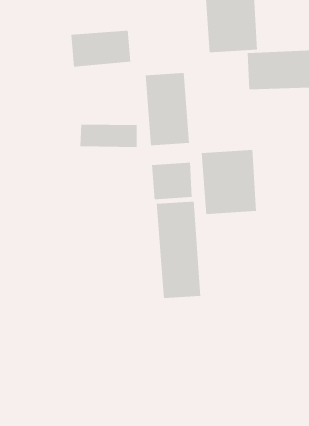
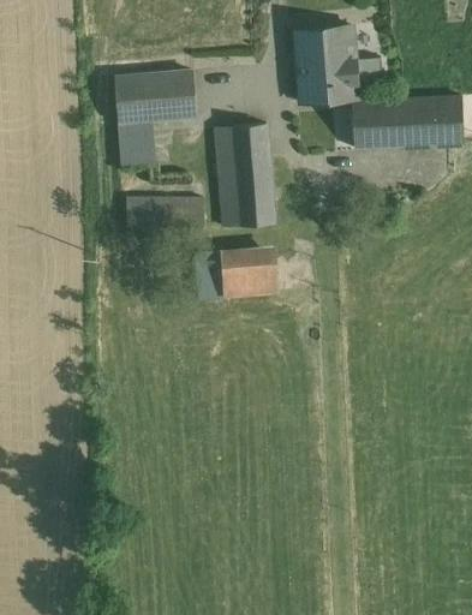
building: none -> [115,124,156,171]
building: [201,149,256,215] -> none
building: [156,201,201,299] -> none

